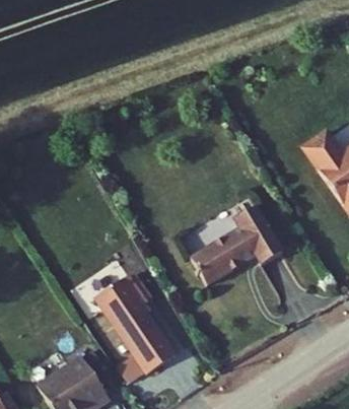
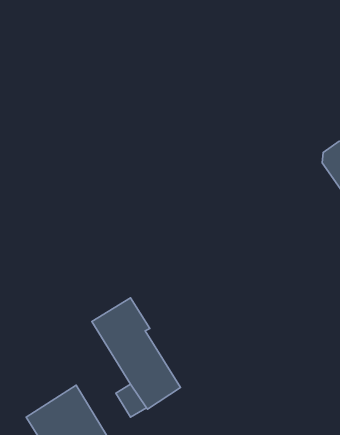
building: [188,208,280,288] -> none

